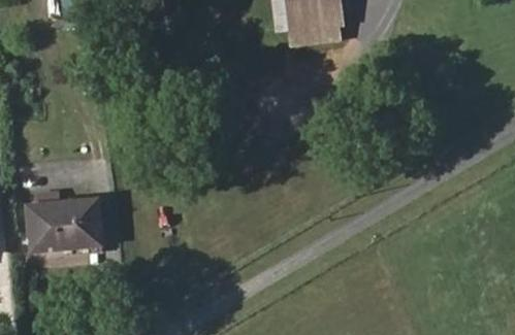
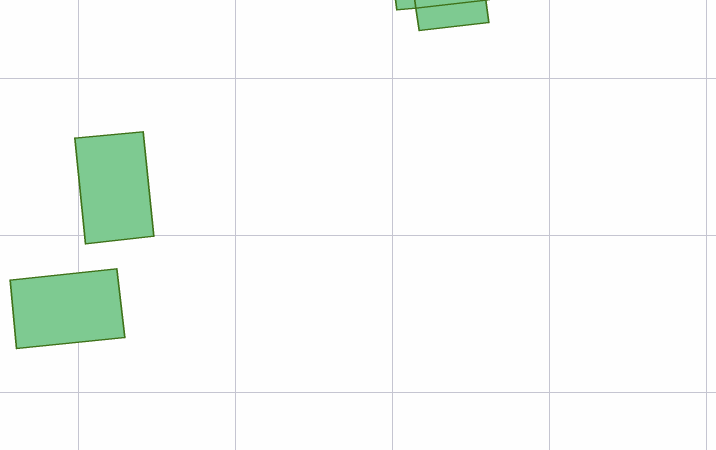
building: none -> [75,132,154,244]

